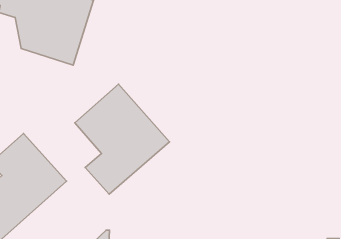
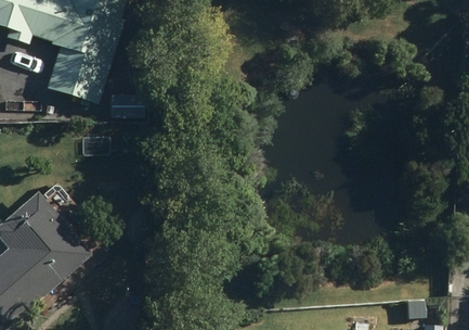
building: [75,84,169,194] -> none

